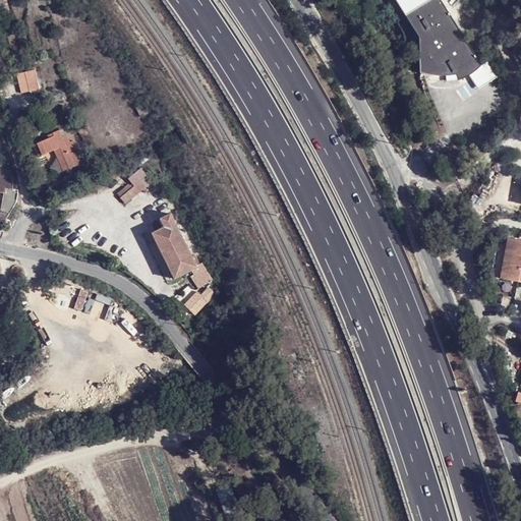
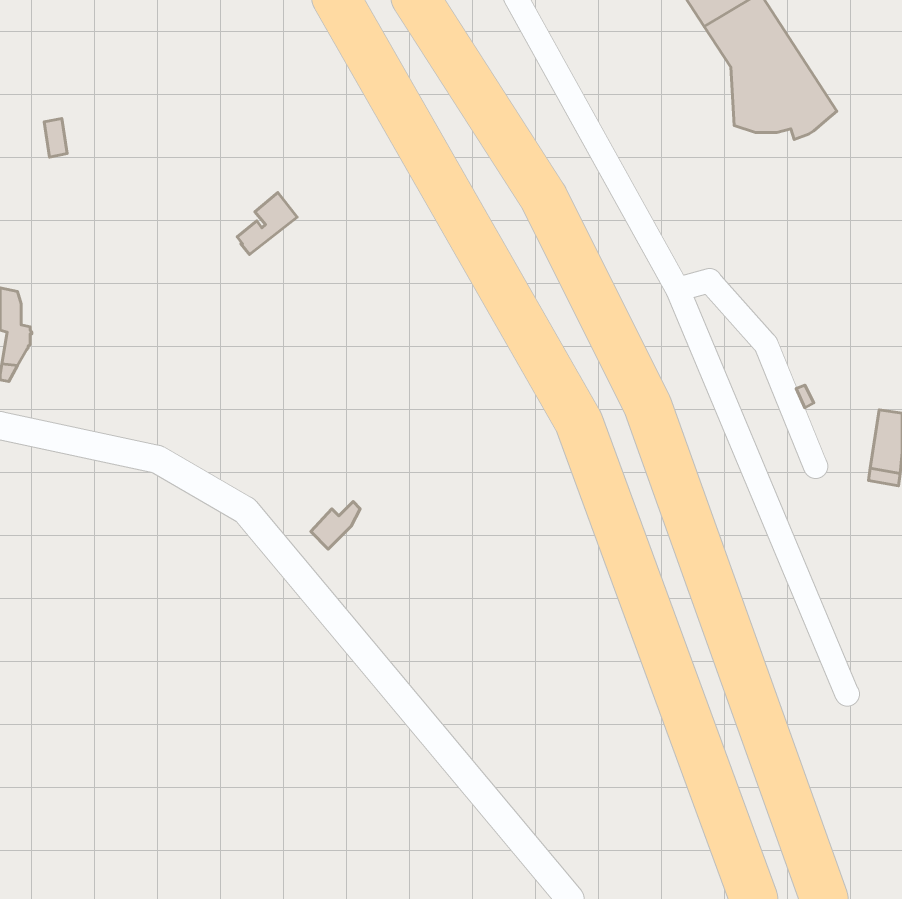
building: [35,129,82,170] -> none
building: [115,169,150,205] -> [237,193,297,254]
building: [148,215,208,290] -> none

